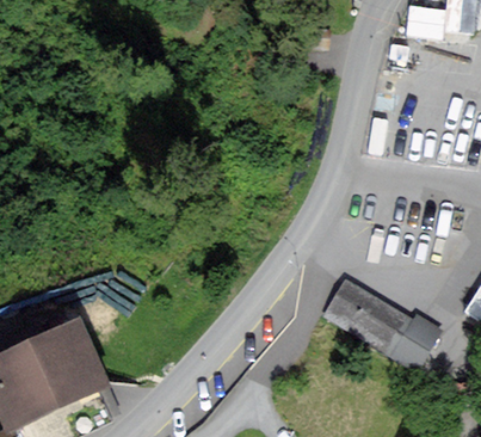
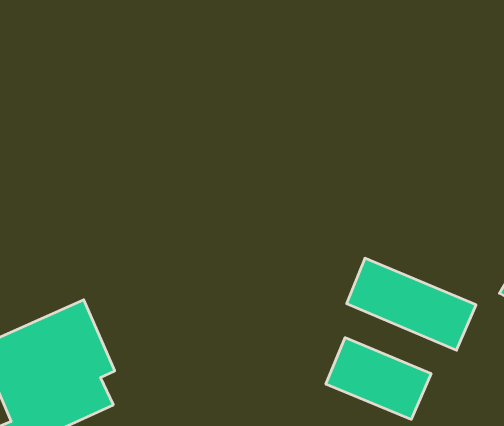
building: none -> [326,338,431,419]

